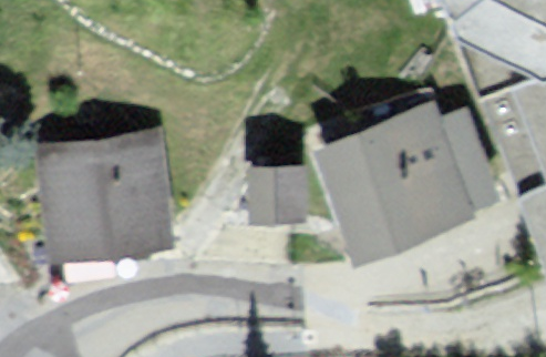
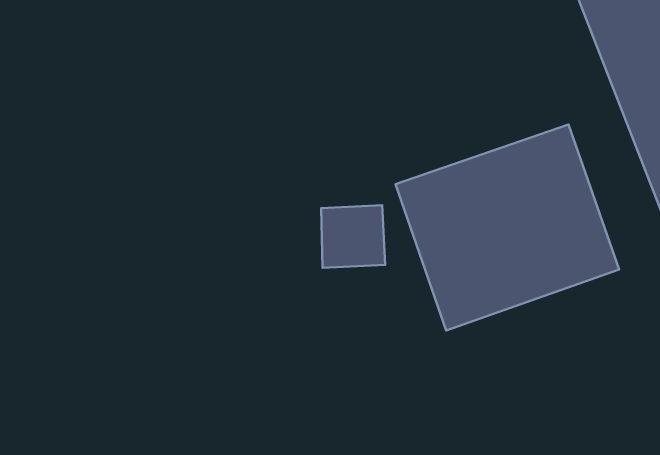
building: [53,134,173,249] -> none

